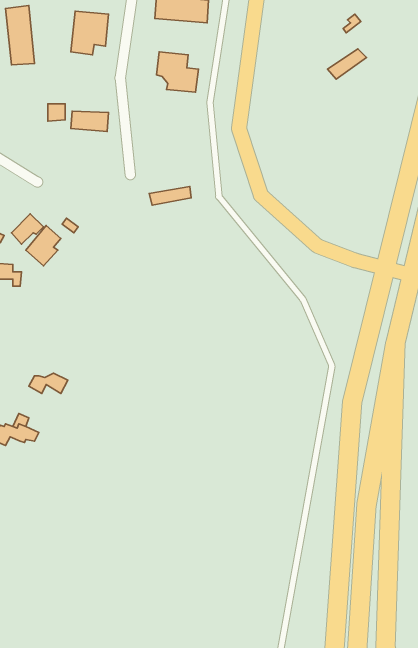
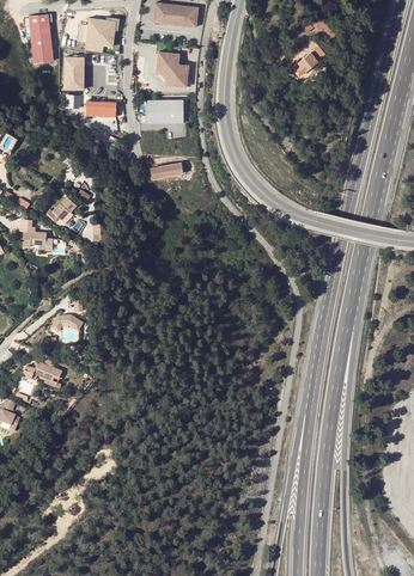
building: none -> [63,57,84,91]
building: none -> [147,102,185,125]

